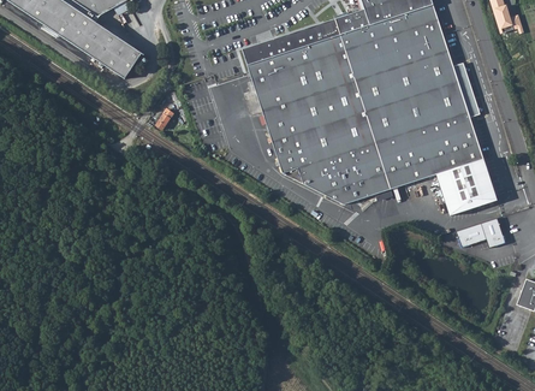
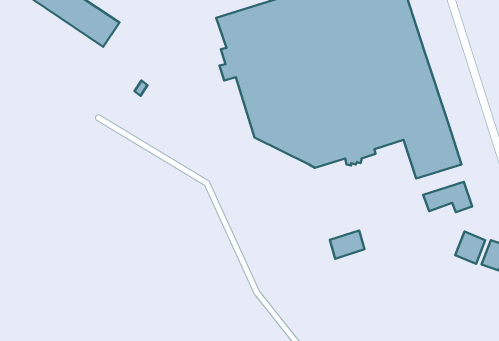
building: none -> [330,230,364,259]
building: none -> [455,231,485,264]

